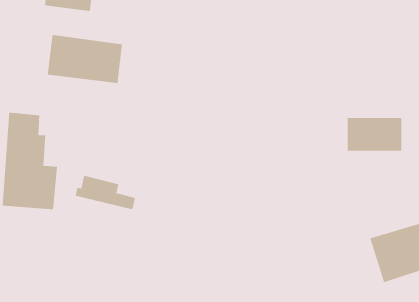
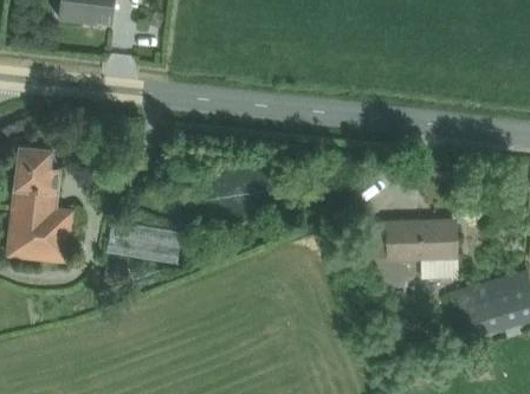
building: [47,34,122,84] -> none
building: [347,118,402,151] -> [380,218,446,258]

